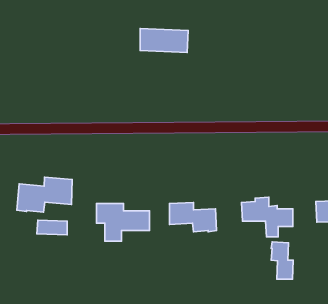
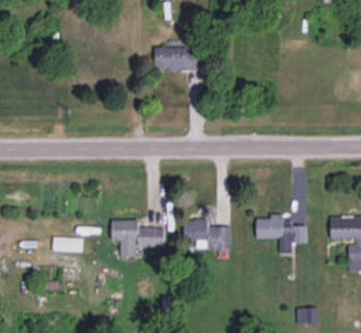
building: [17,177,72,212] -> none
building: [271,242,293,279] -> none

